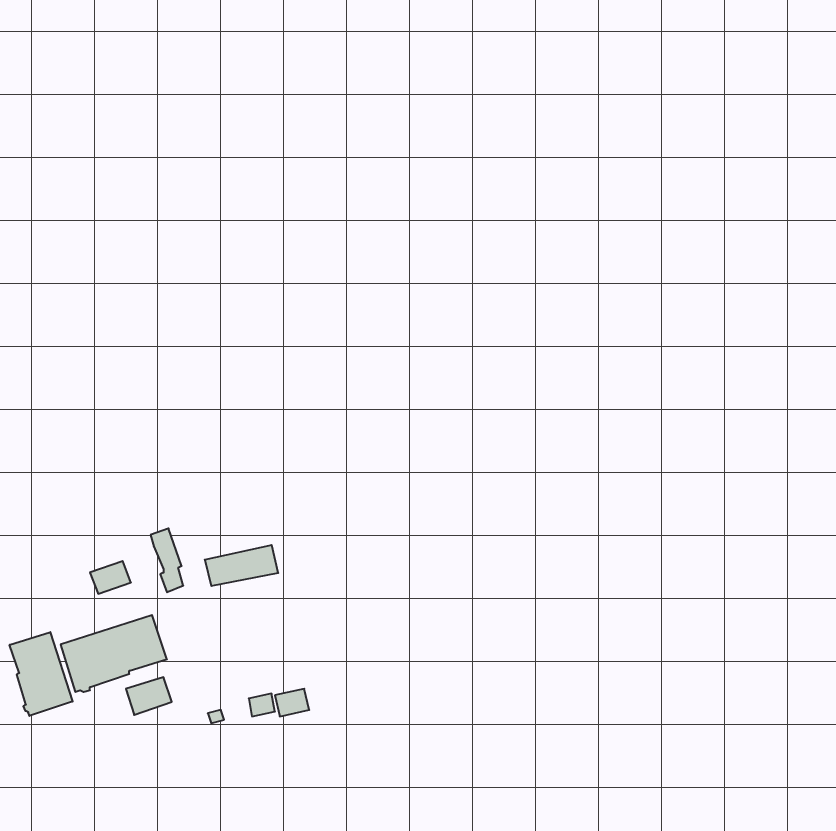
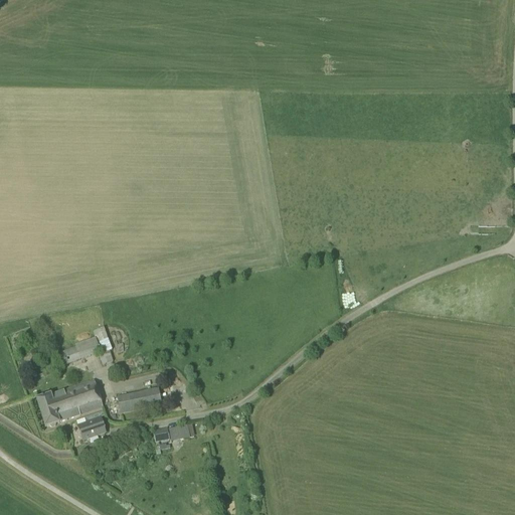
building: [205,545,278,586] -> [117,386,162,411]
building: [10,632,73,716] -> none

